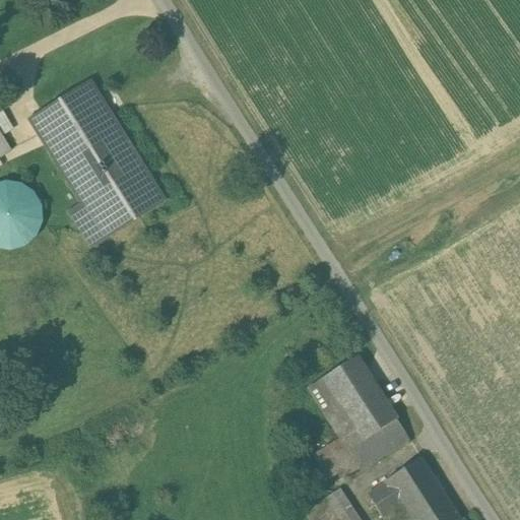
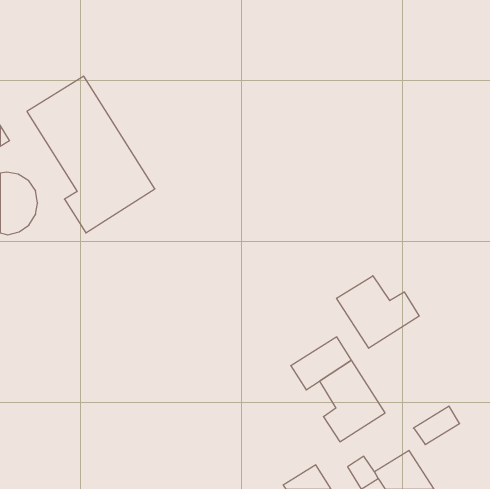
building: none -> [337,276,419,348]
building: [325,402,356,440] -> none
building: [385,457,434,498] -> [413,406,460,445]

